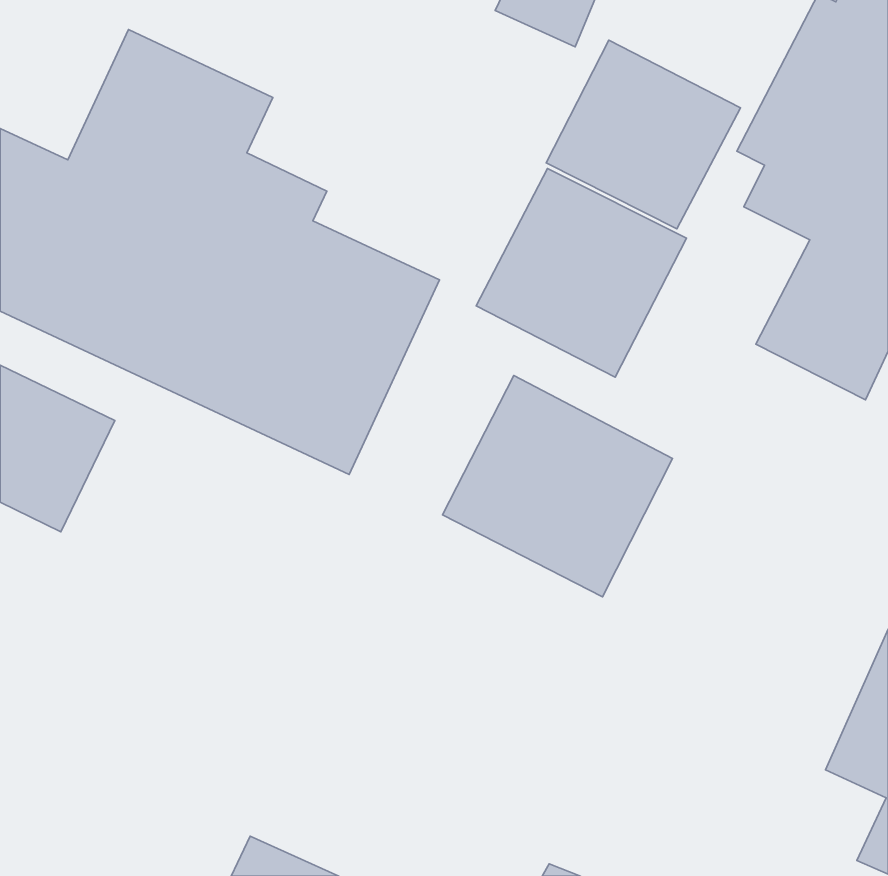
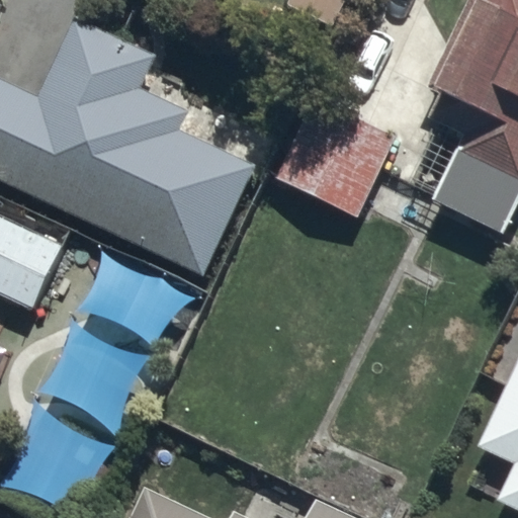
building: [546,40,741,229] -> none
building: [442,376,672,597] -> none

